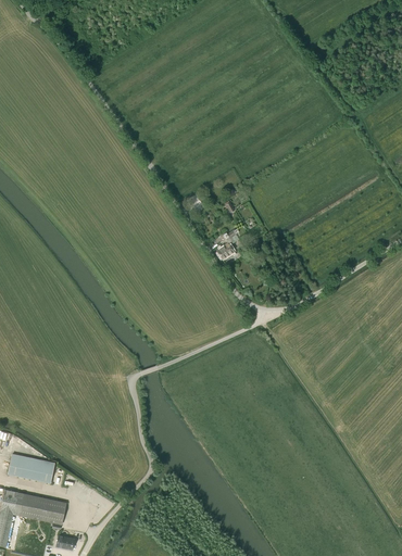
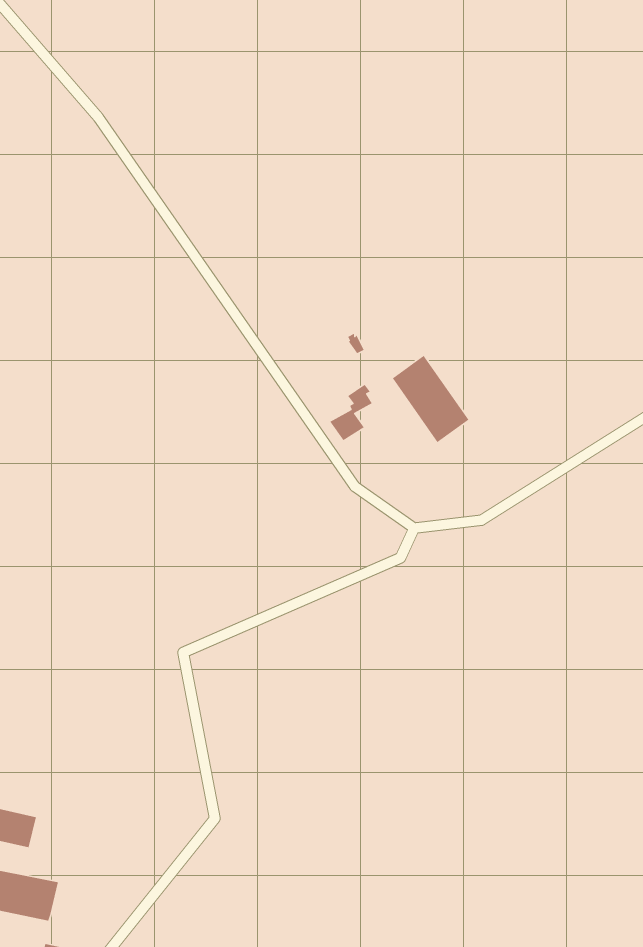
building: none -> [392,355,469,443]

